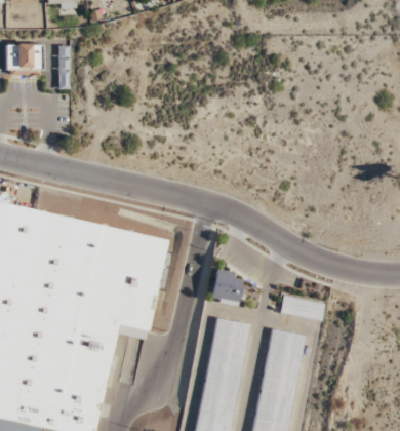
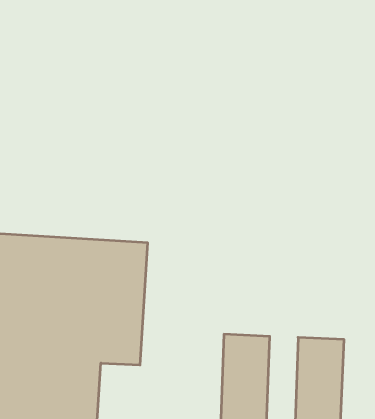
building: [211,268,243,302] -> none
building: [281,295,327,321] -> none

